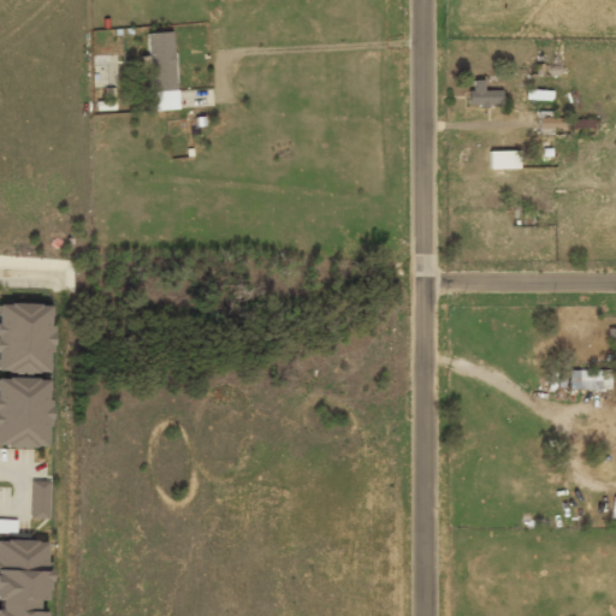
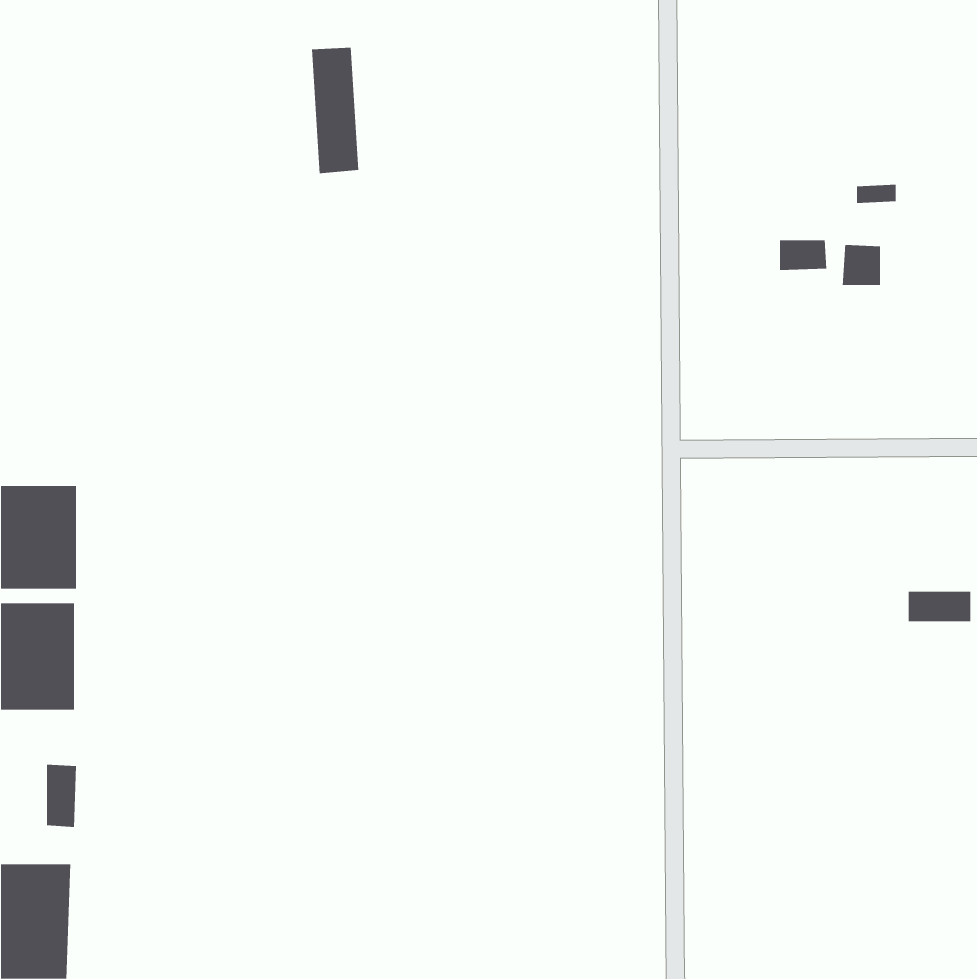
building: [149,32,179,112] -> [311,47,359,174]
building: [472,81,503,103] -> none
building: none -> [842,244,881,286]

